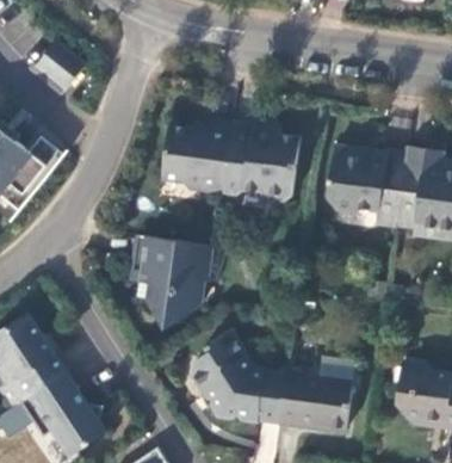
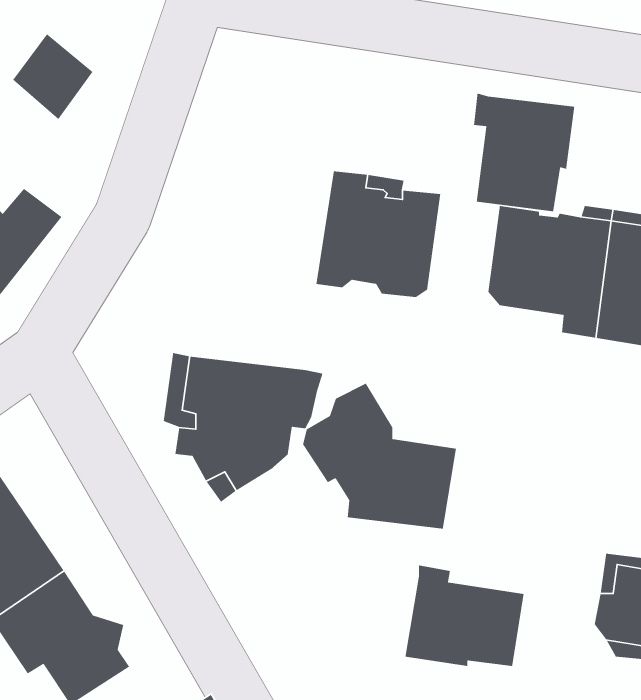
building: none -> [473,92,575,212]
building: [161,119,233,193] -> none
building: [190,333,285,424] -> [302,383,457,529]

